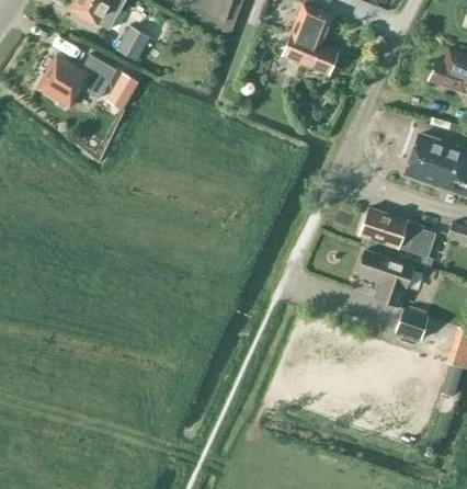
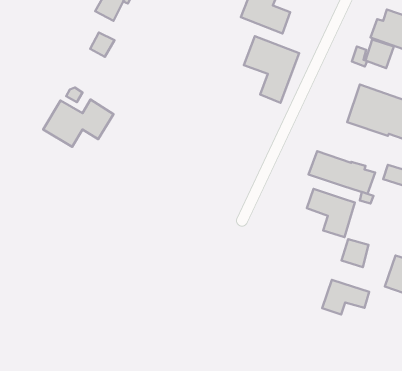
building: [36,54,116,107] -> [43,100,114,147]
building: none -> [244,36,299,103]
building: none -> [352,39,394,68]
building: none -> [322,280,369,314]

